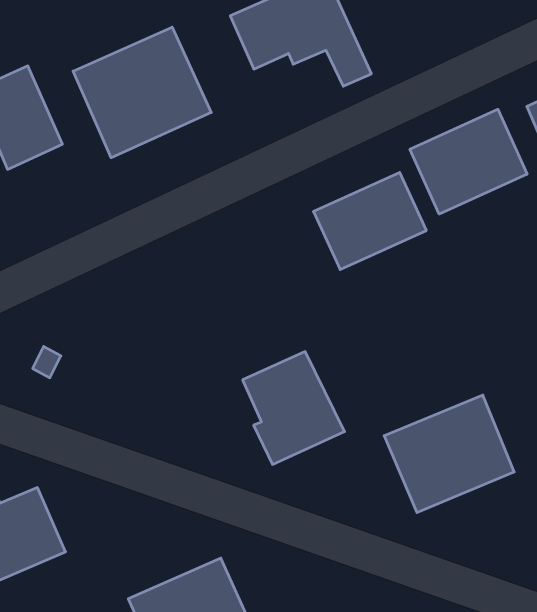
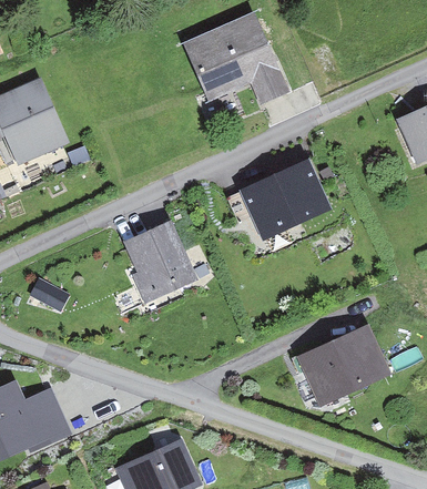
building: [73,27,211,158] -> none
building: [410,109,527,214] -> none
building: [243,352,345,464] -> [125,223,197,303]

